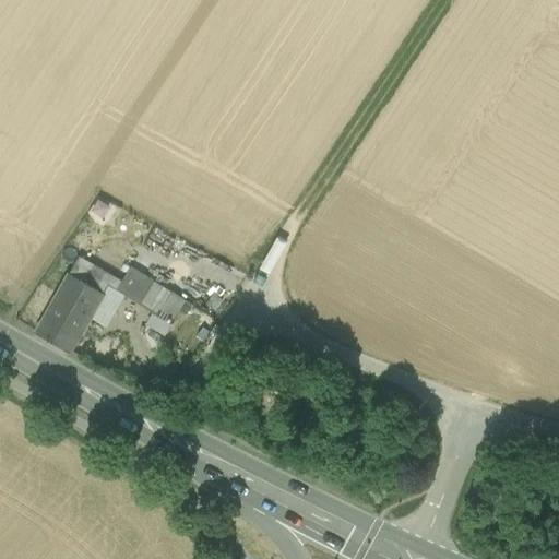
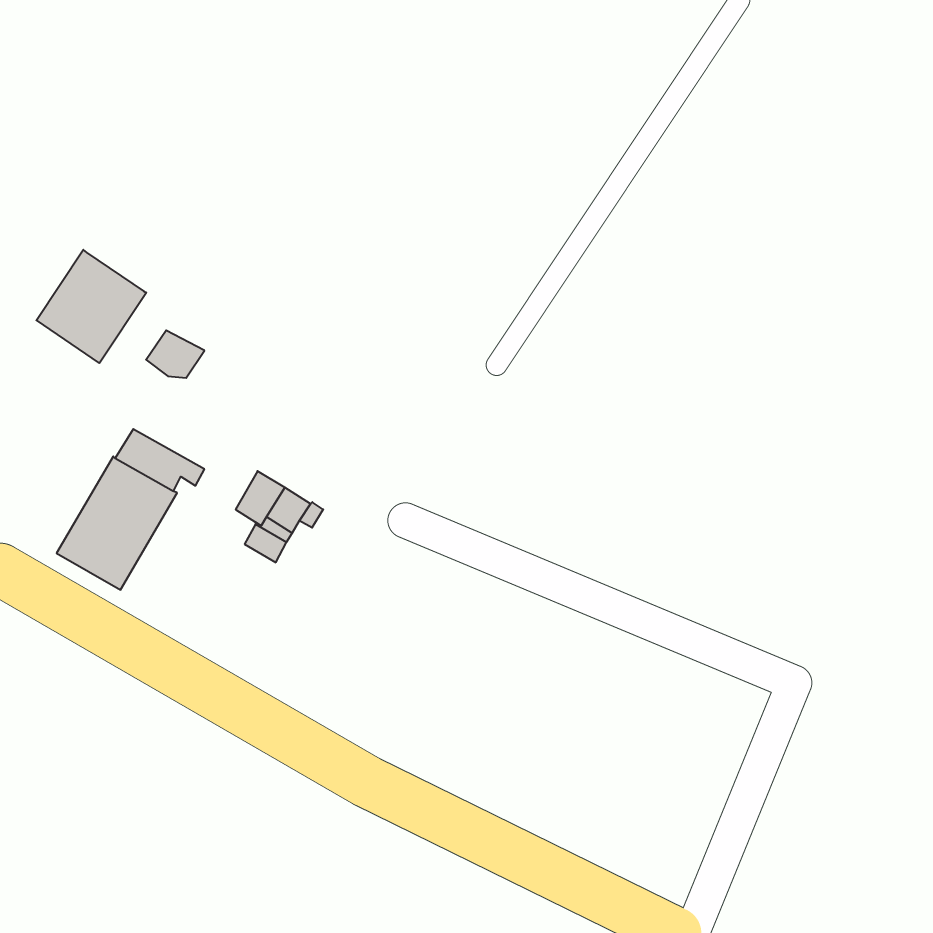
building: none -> [36,250,146,363]
building: [117,266,155,305] -> none

